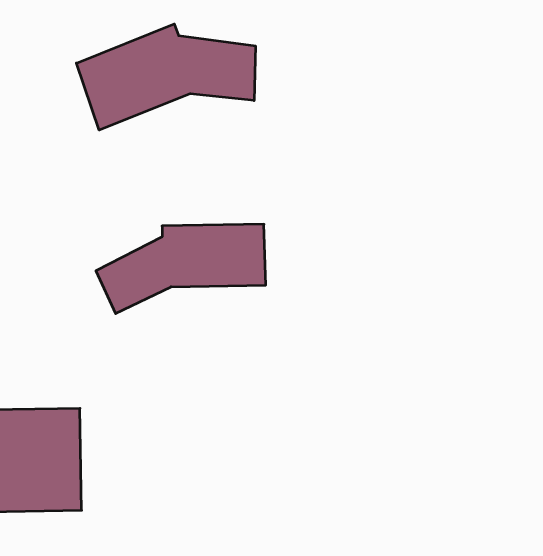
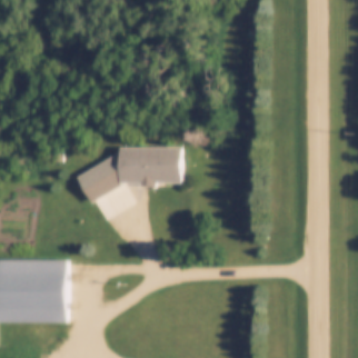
building: [76,24,255,130] -> none

